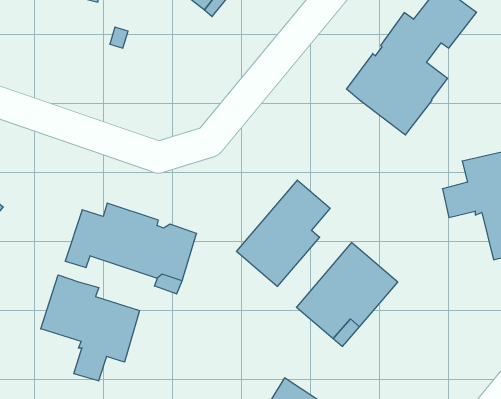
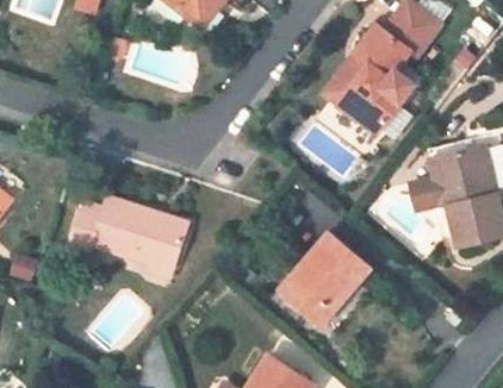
building: [236,180,330,286] -> none
building: [41,275,139,381] -> none

